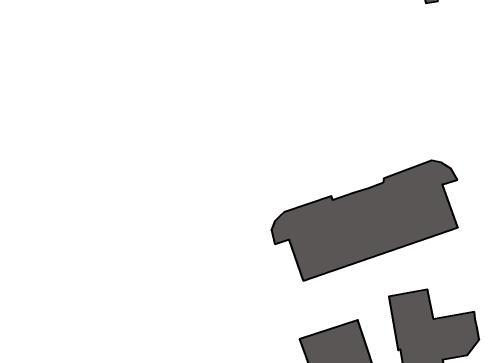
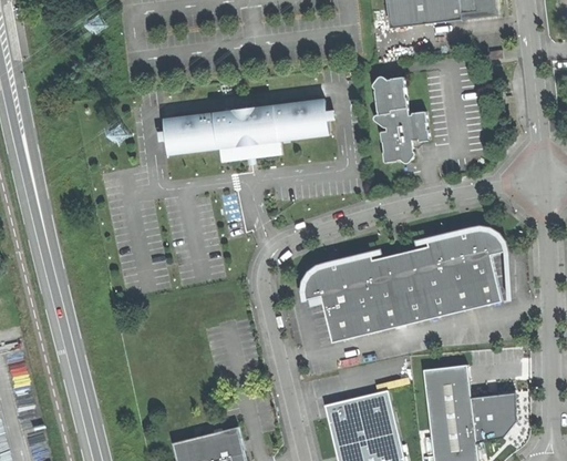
building: none -> [374,76,429,162]
building: none -> [164,101,330,161]

